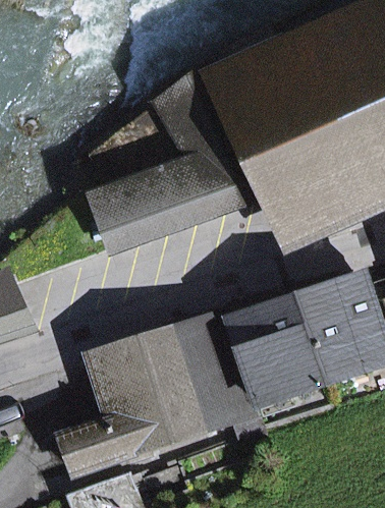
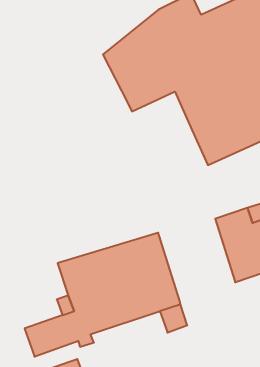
building: [94,145,271,248] -> none
building: [231,301,324,403] -> none

